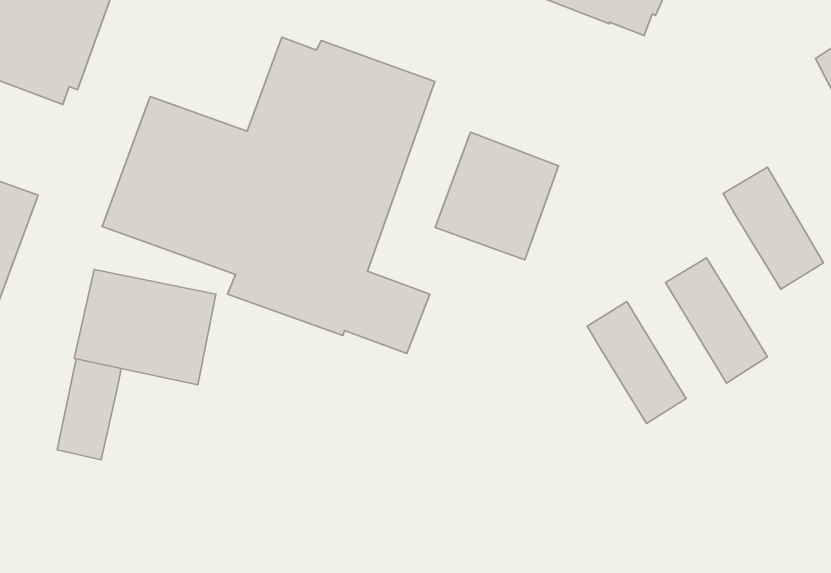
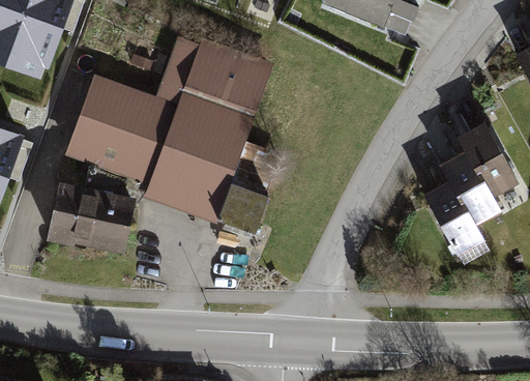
building: [435,132,558,260] -> none
building: [587,301,686,423] -> [438,148,500,225]
building: [57,359,121,460] -> none

